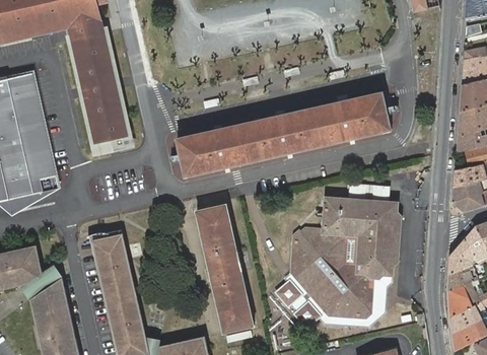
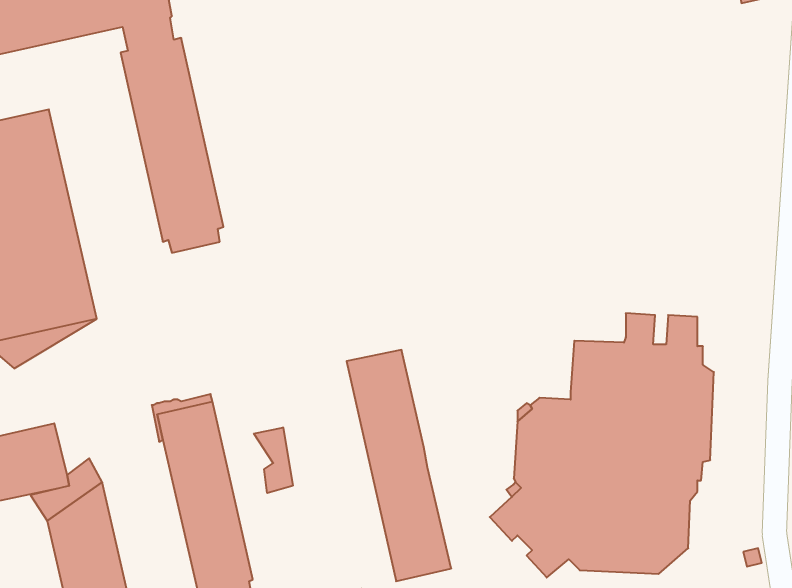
building: [177,91,392,175] -> none
building: none -> [254,427,293,493]

